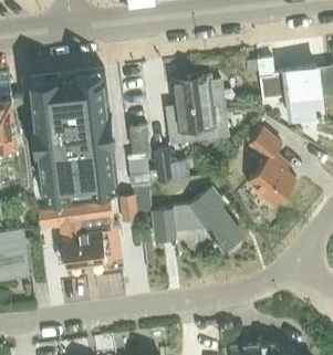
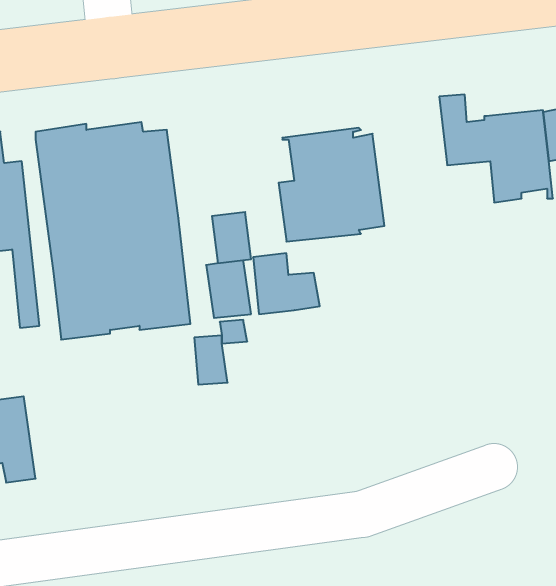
building: [249,127,295,203] -> none
building: [154,187,242,252] -> none
building: [39,200,122,268] -> none

